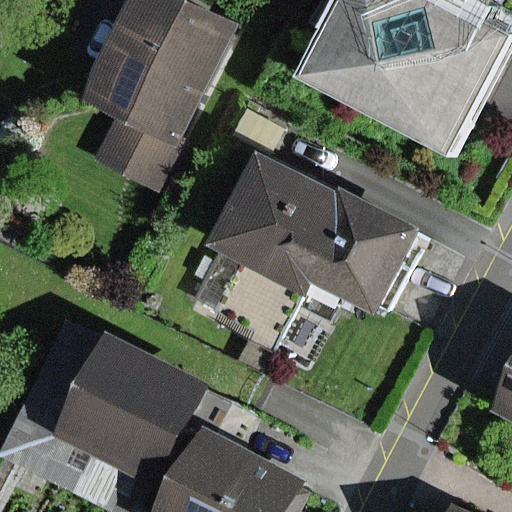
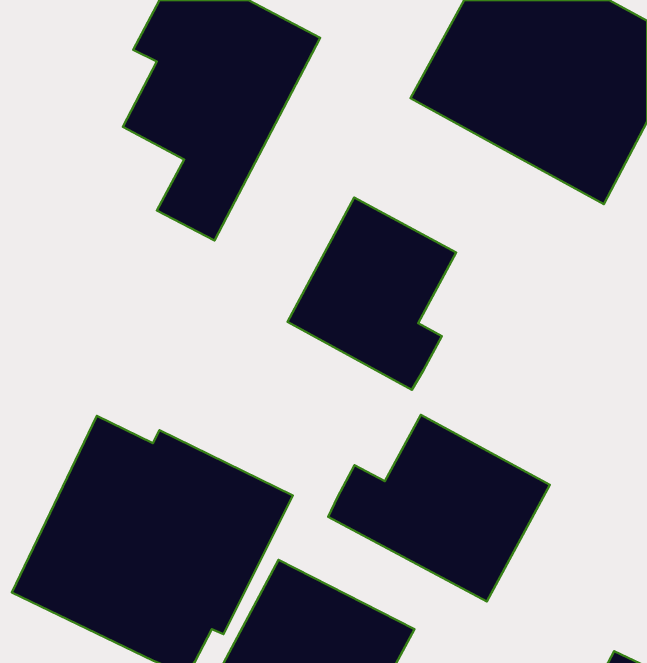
building: [320,192,427,317] -> none
building: none -> [328,415,550,601]

